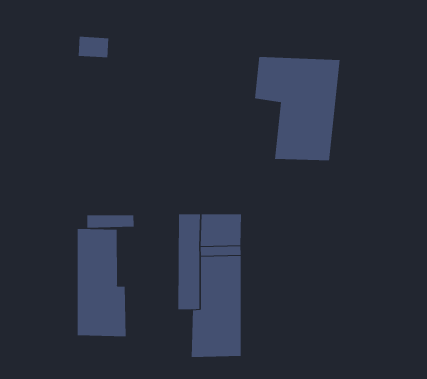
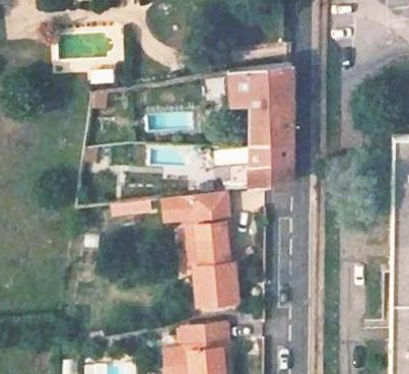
building: none -> [234,147,291,193]
building: [77,228,126,337] -> none

